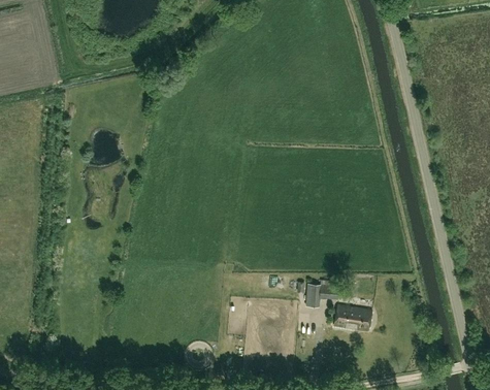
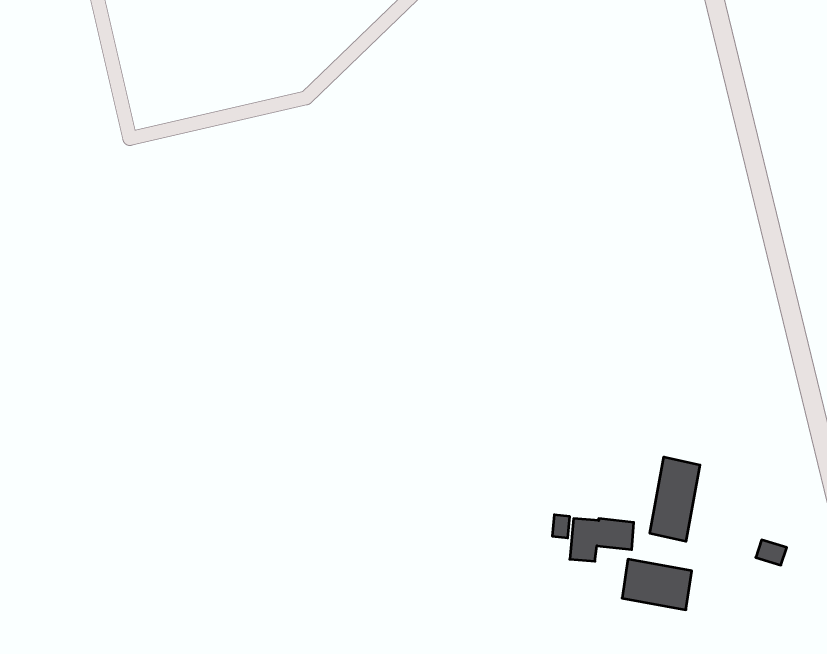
building: none -> [650,457,700,541]

